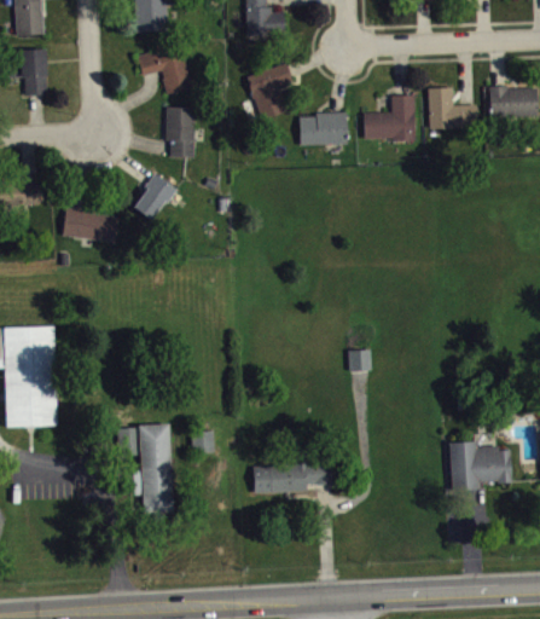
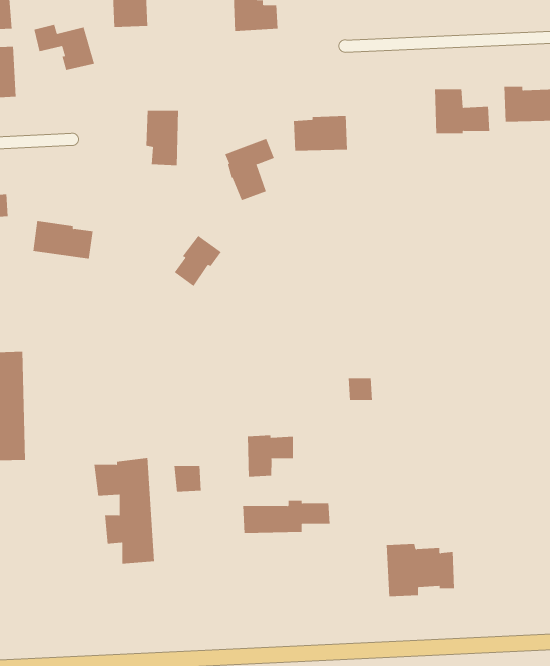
building: [137,51,192,93] -> [33,24,95,71]
building: [246,63,292,120] -> [224,138,275,201]
building: [362,96,416,141] -> none
building: [133,174,176,221] -> [174,235,222,287]
building: none -> [247,435,293,478]
building: [448,442,511,491] -> [386,544,455,597]

